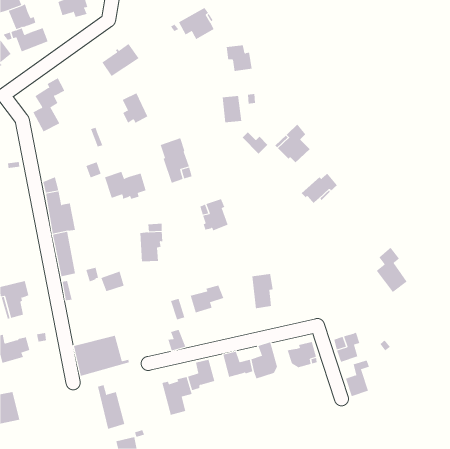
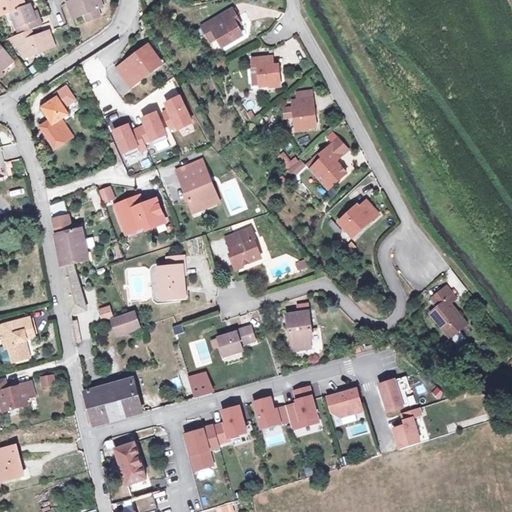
building: none -> [164,93,193,129]
building: [222,96,242,123] -> [298,95,321,126]
building: none -> [112,119,145,153]

